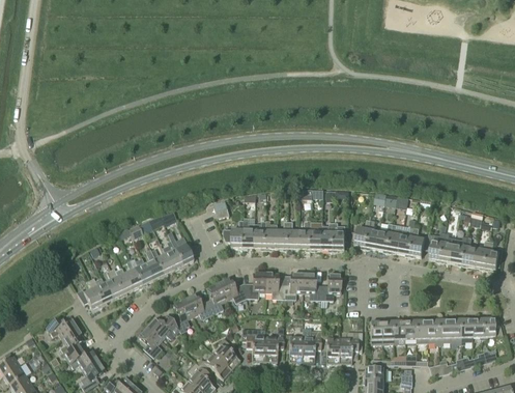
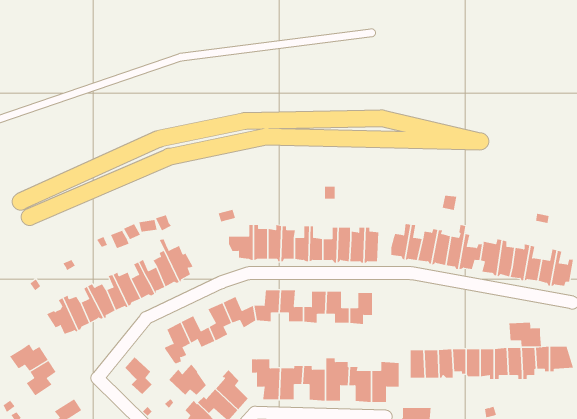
building: none -> [509,322,541,347]
building: [148,312,179,338] -> [168,363,207,395]
building: [67,348,99,370] -> none

